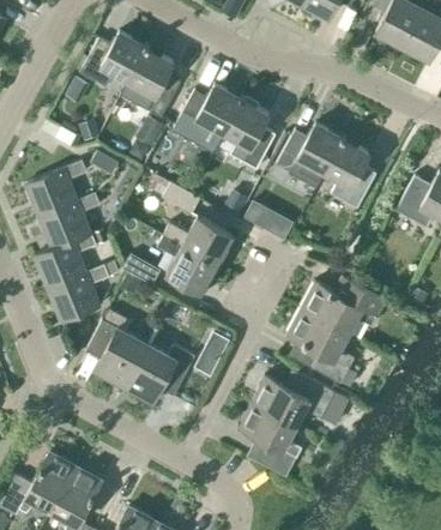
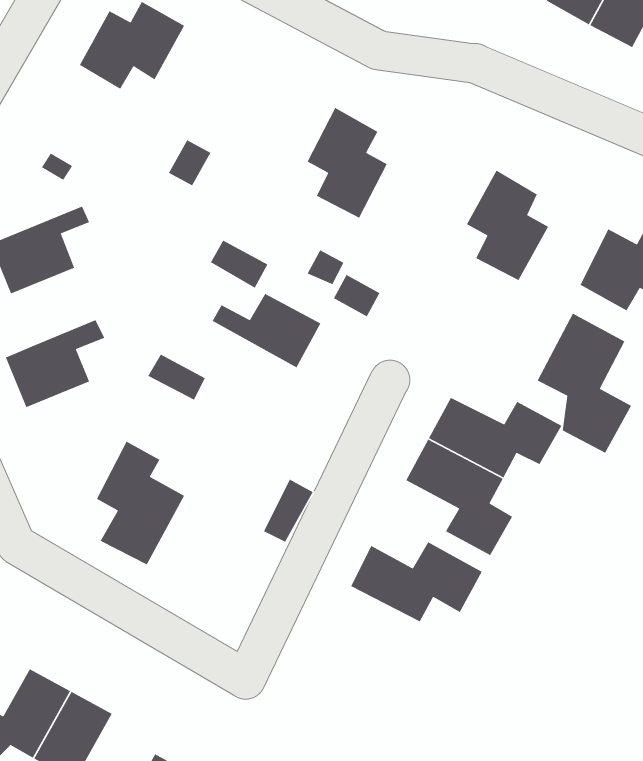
building: [127,47,180,116] -> none
building: [175,84,241,139] -> none
building: [276,124,343,179] -> none
building: [36,193,99,249] -> none
building: none -> [537,313,632,454]
building: [156,234,217,293] -> none
building: [46,265,108,323] -> none
building: [122,344,194,404] -> none
building: [236,402,301,476] -> none

